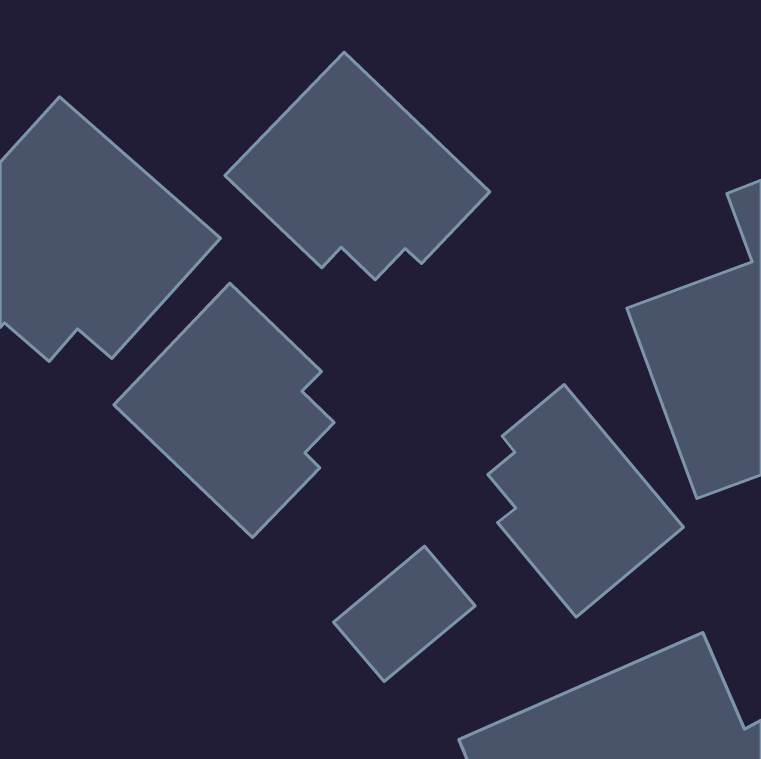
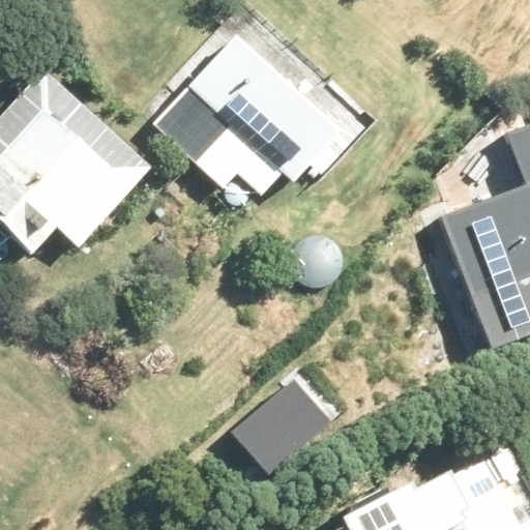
building: [114,283,334,538] -> none
building: [488,384,684,617] -> none

